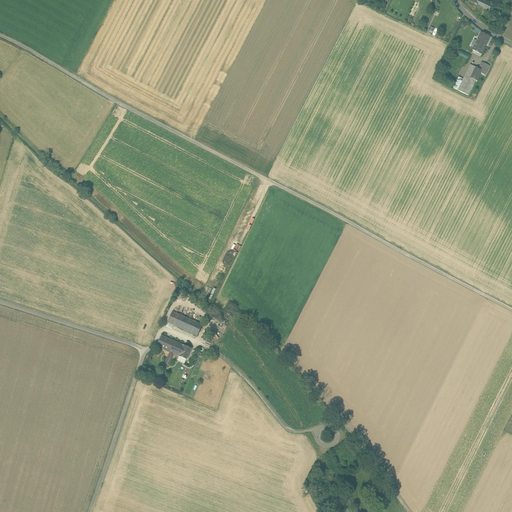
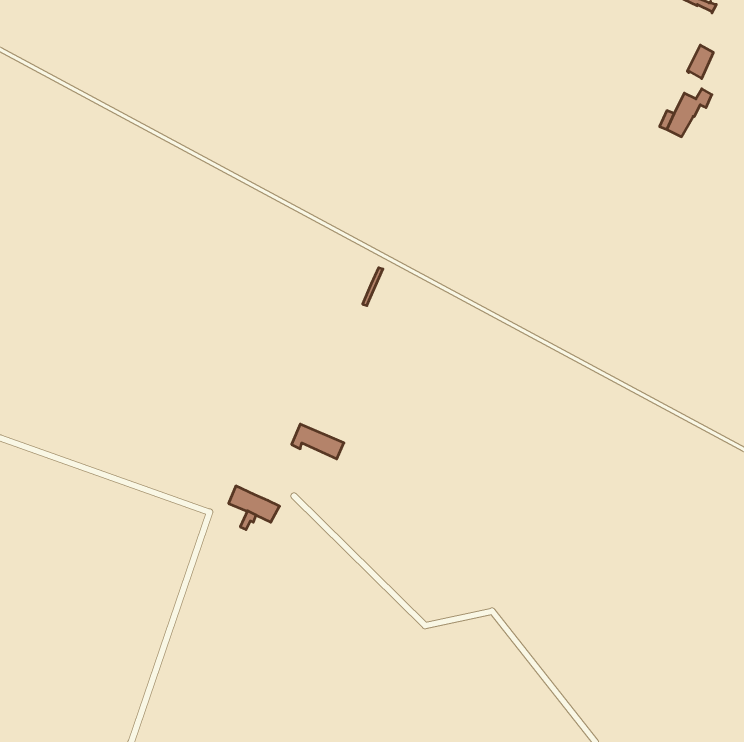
building: [166,311,202,335] -> [292,424,344,459]

